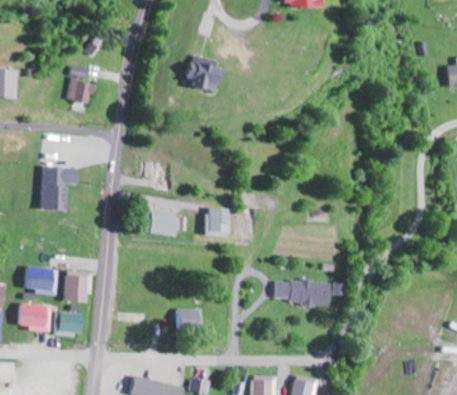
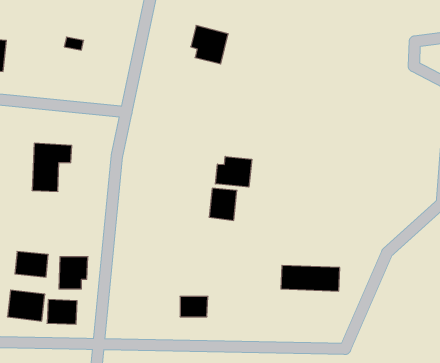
building: [67,79,94,104] -> none
building: none -> [215,156,252,187]
building: [145,208,180,236] -> none

